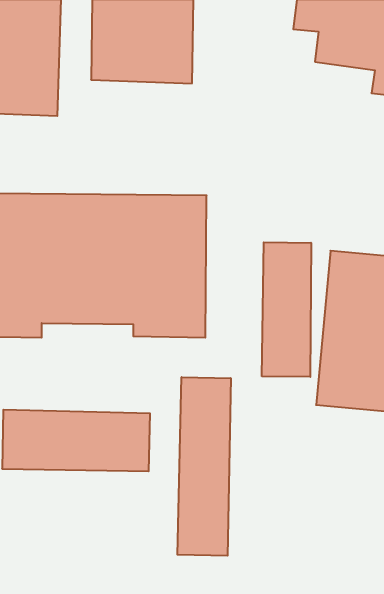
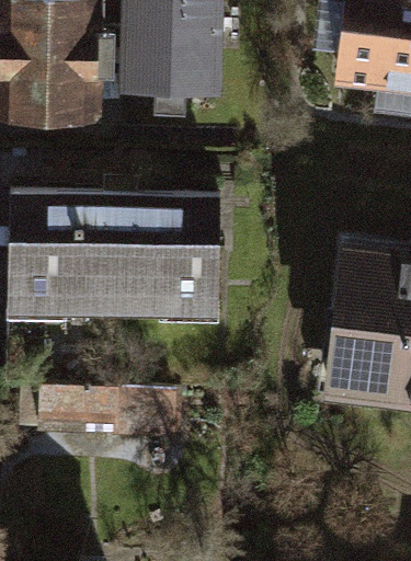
building: [262,242,311,377] -> none
building: [177,377,231,556] -> none

